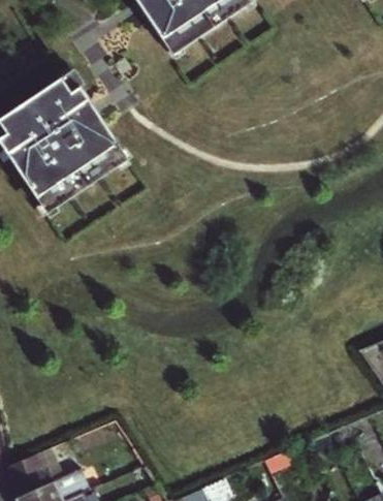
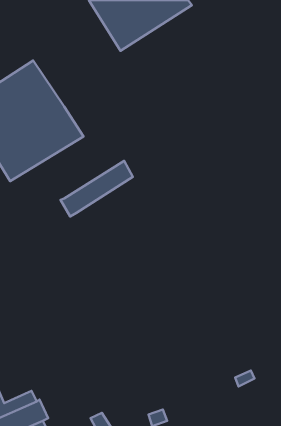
building: none -> [61,161,133,216]

